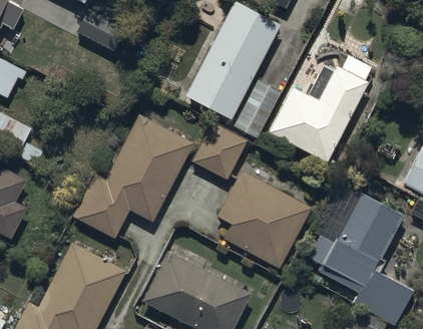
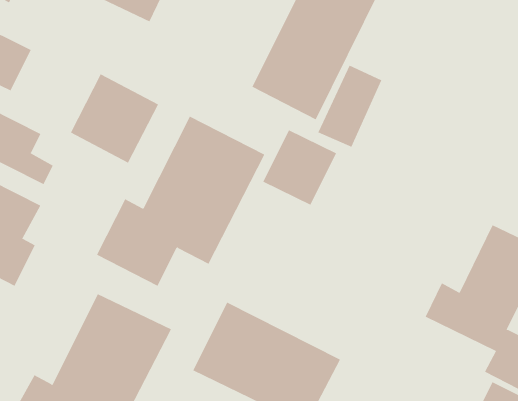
building: [269,66,368,162] -> none
building: none -> [70,73,159,163]
building: [210,170,312,270] -> none

